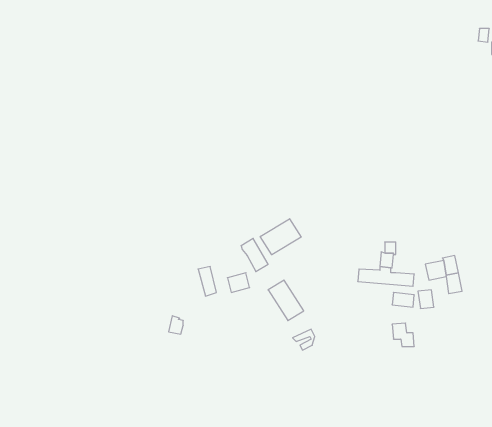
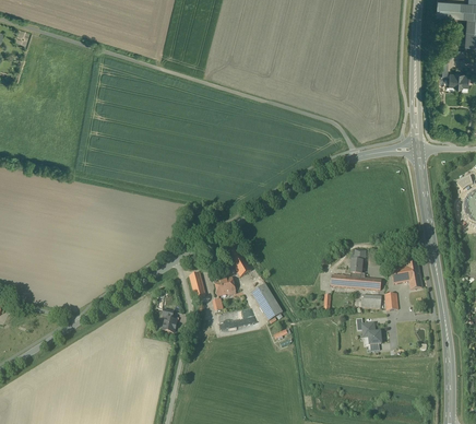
building: [260,219,301,255] -> none

